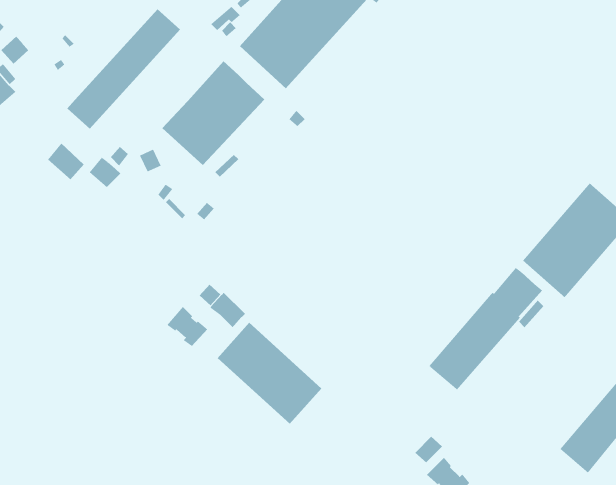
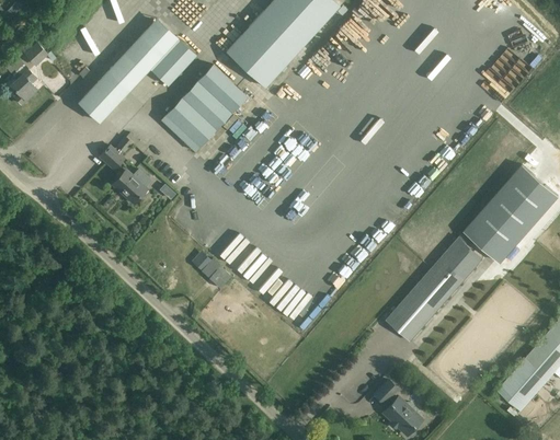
building: none -> [151,39,196,85]
building: [47,143,85,180] -> [114,171,146,202]
building: [167,306,208,347] -> none
building: [217,322,322,425] -> none

